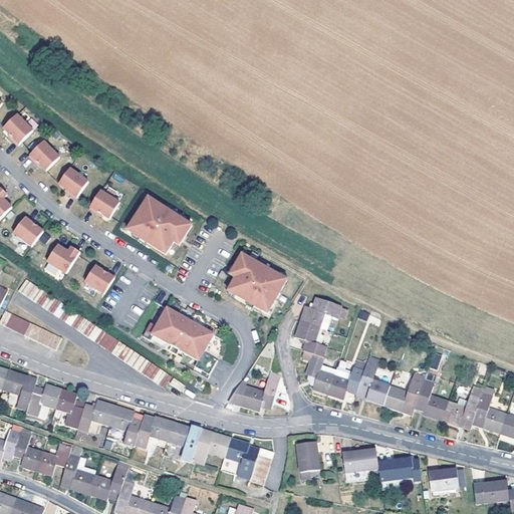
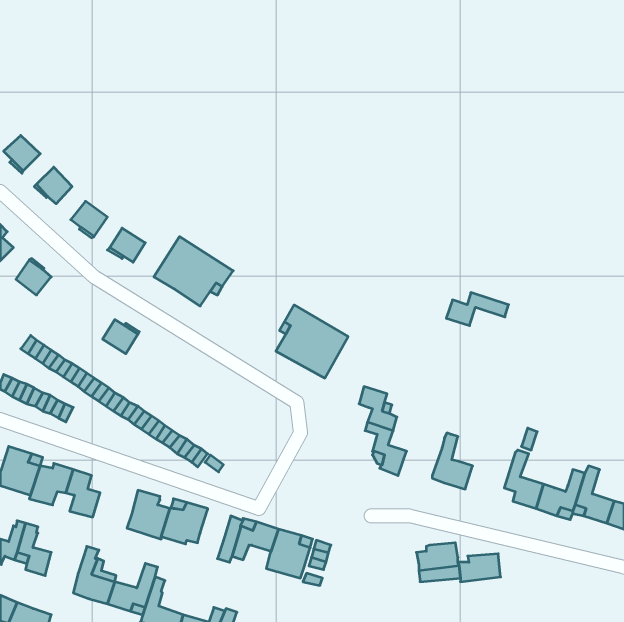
building: [46,243,78,272] -> none
building: [299,298,350,325] -> [446,293,509,326]
building: [142,307,217,373] -> none
building: [327,358,365,397] -> none
building: [382,370,424,413] -> none
building: [228,372,279,409] -> none
building: [76,400,113,433] -> none
building: [165,421,190,446] -> none
building: [296,441,318,470] -> none
building: [37,449,71,479] -> none
building: [428,467,457,490] -> none
building: [473,479,508,503] -> none

